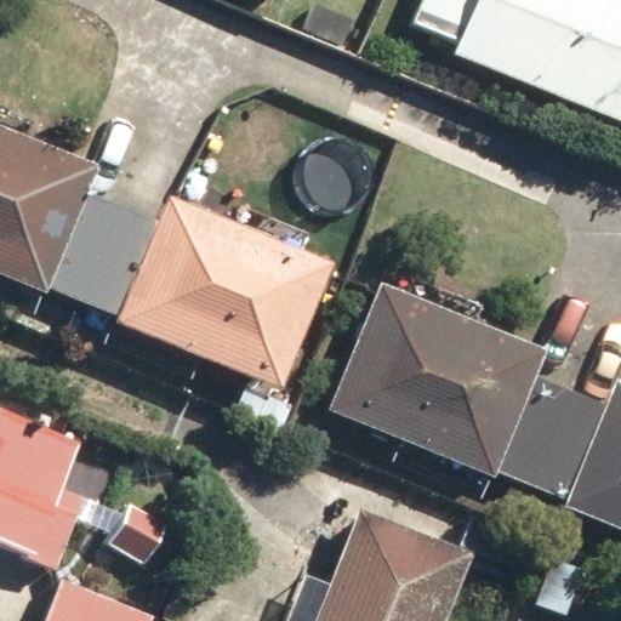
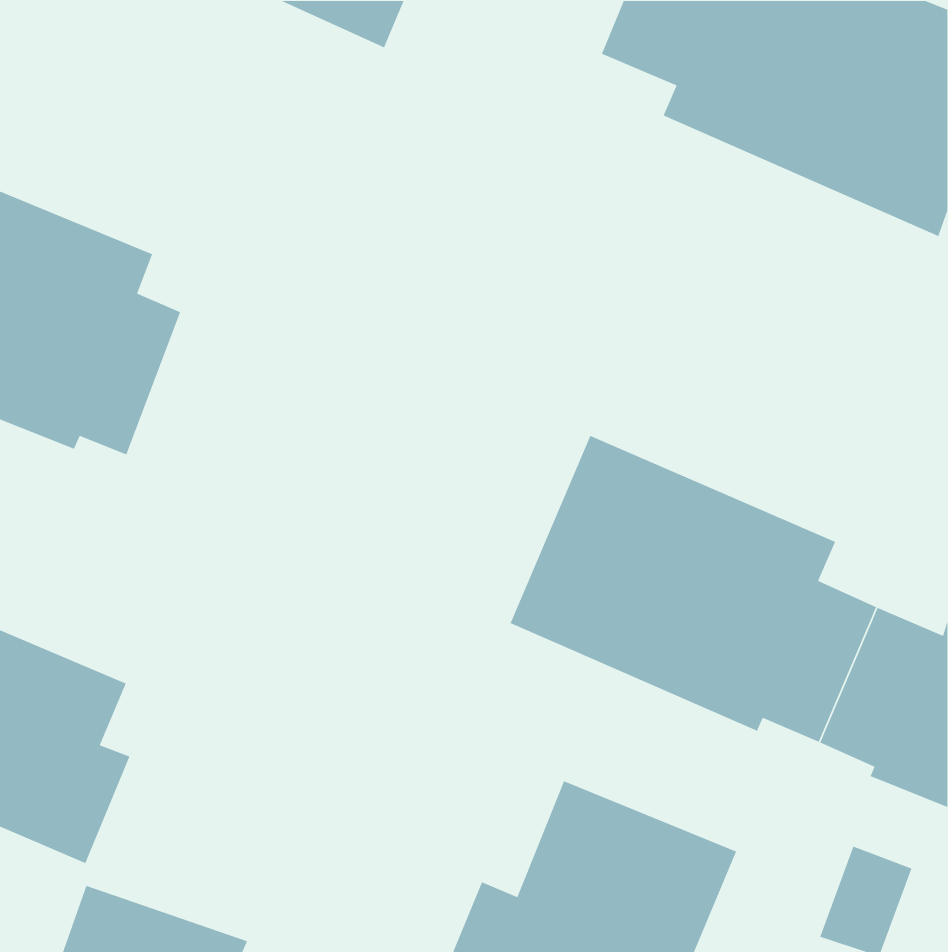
building: [82,190,337,389] -> none

